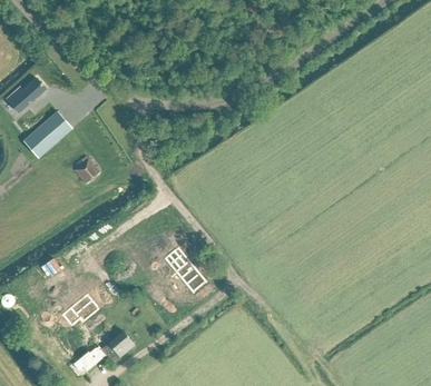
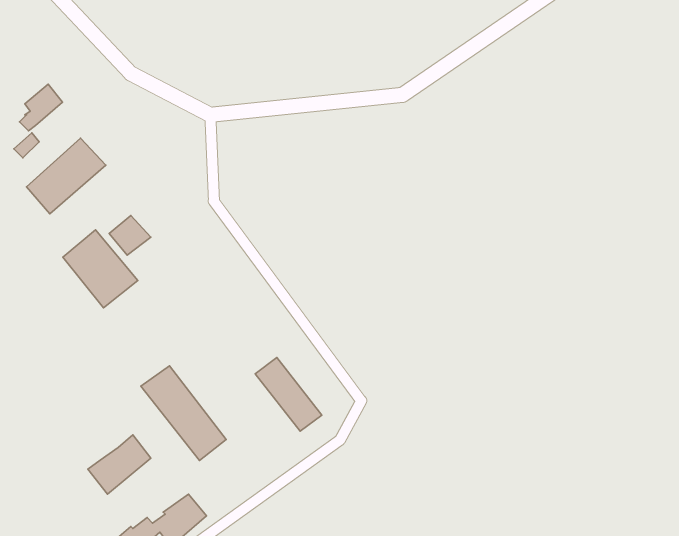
building: none -> [63,230,138,308]
building: none -> [141,366,226,461]

